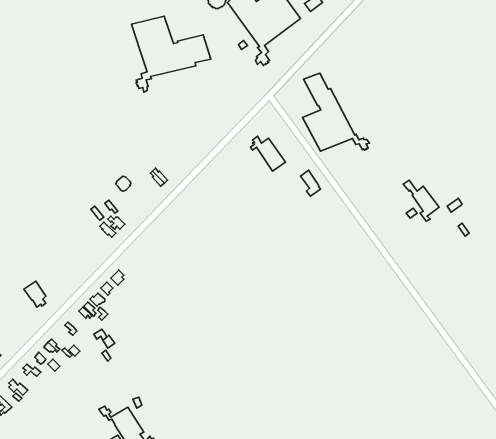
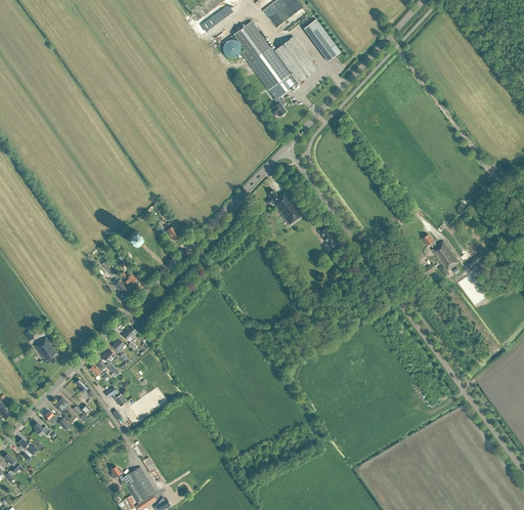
building: [131,16,211,92] -> none
building: [303,73,369,151] -> none

